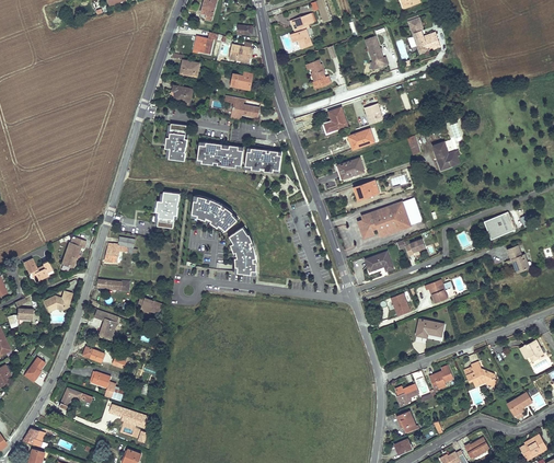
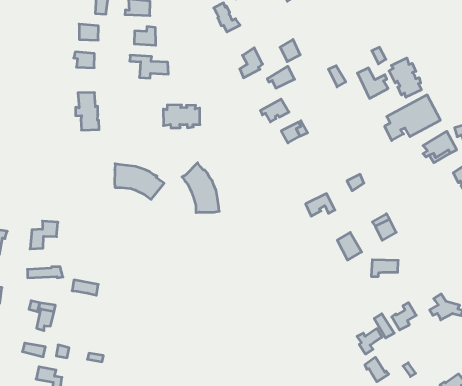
building: none -> [389,58,421,97]
building: [197,141,243,166] -> none
building: [157,190,180,227] -> none
building: [358,201,411,239] -> [385,95,440,141]
building: [227,225,256,274] -> [182,163,219,213]

